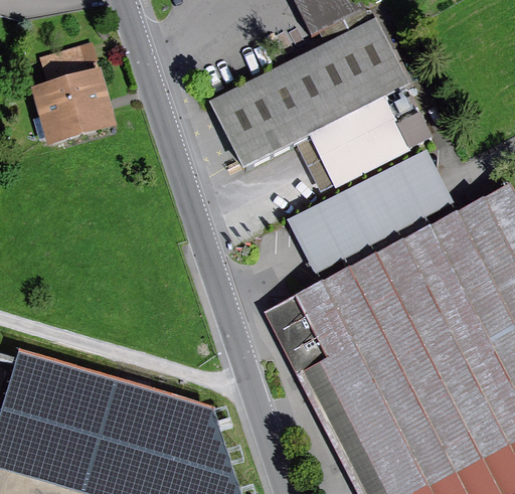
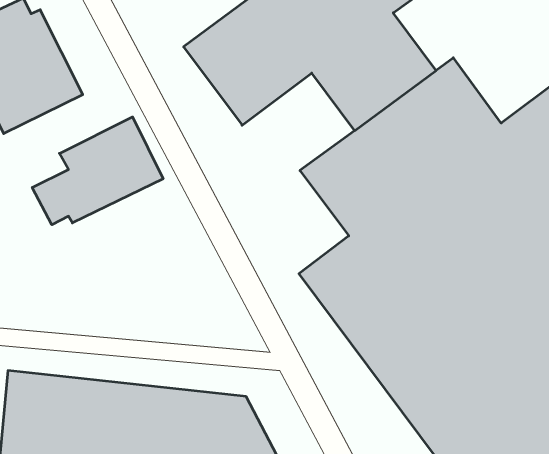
building: none -> [32,117,163,225]

